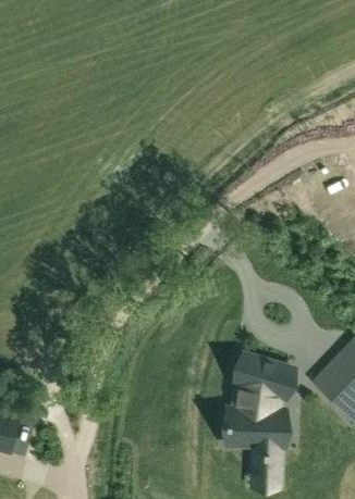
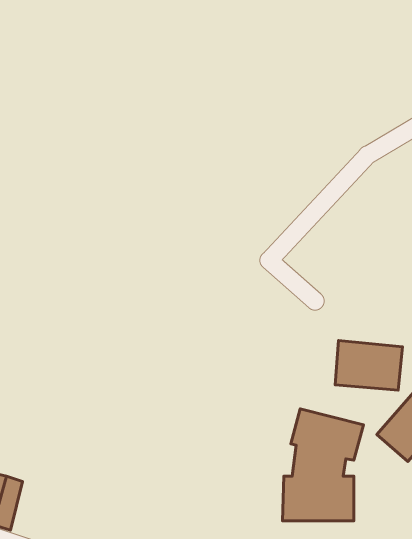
building: none -> [335,341,403,390]

